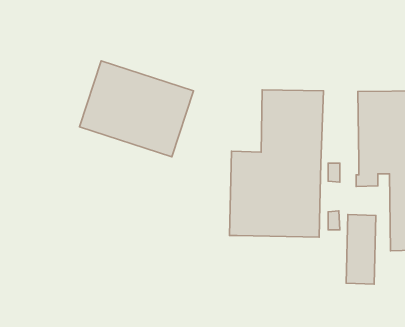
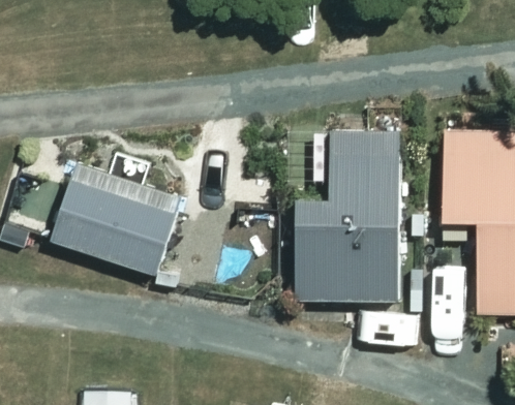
building: [80,61,193,157] -> [50,166,180,276]

